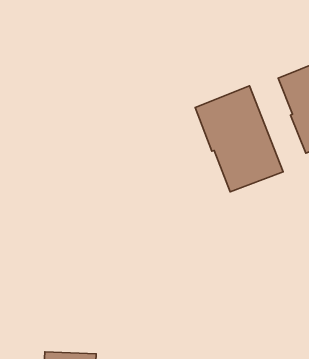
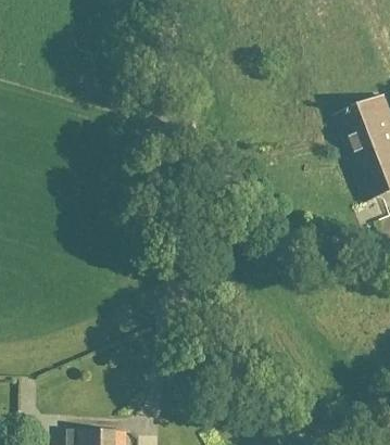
building: [195,86,283,192] -> none

